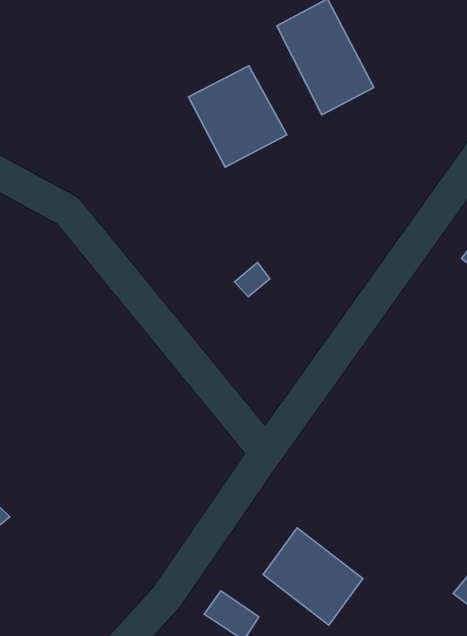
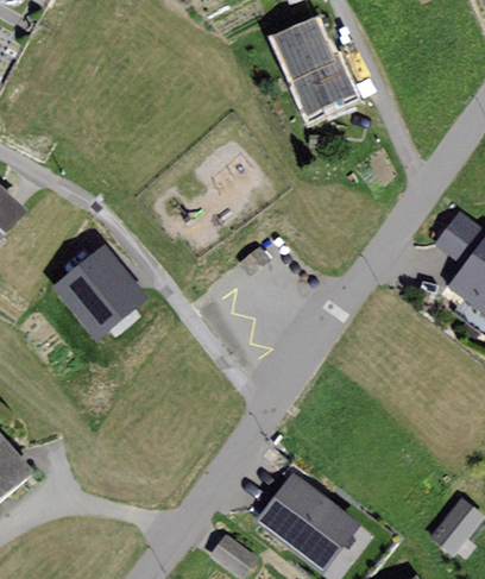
building: [188,66,287,167] -> none
building: none -> [49,243,147,341]

